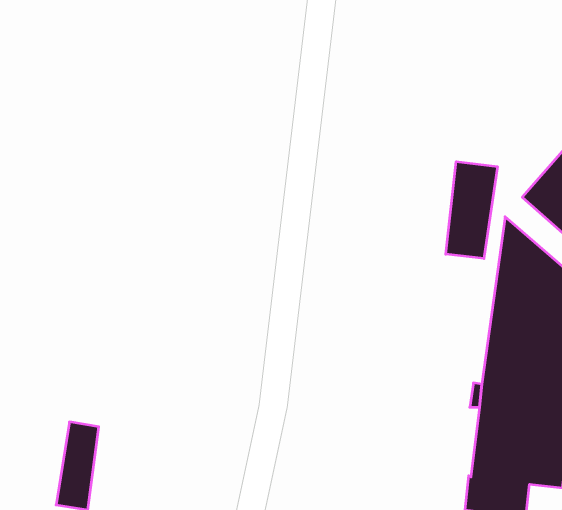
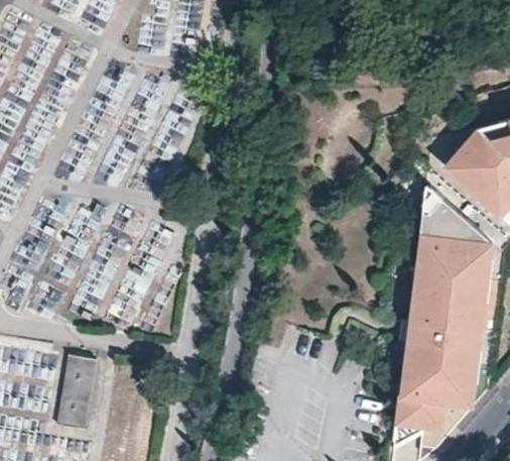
building: [446,162,497,259] -> none

